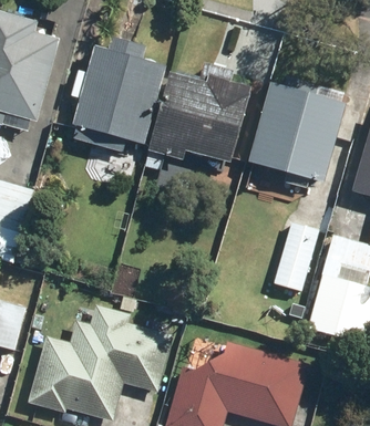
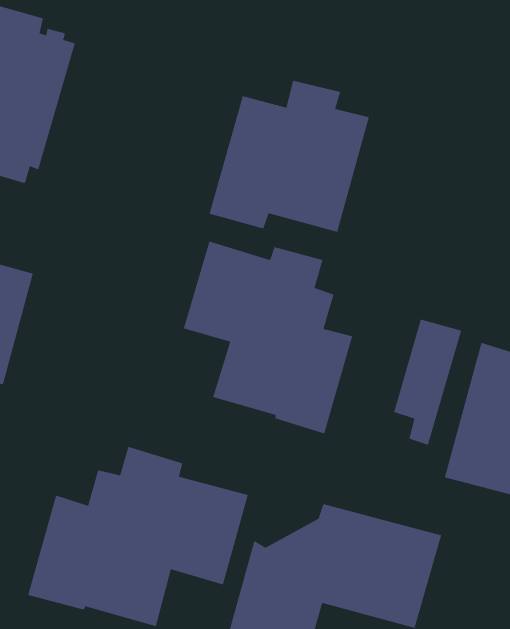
building: [76,38,171,153] -> none
building: [247,69,340,178] -> none
building: none -> [183,240,353,435]

